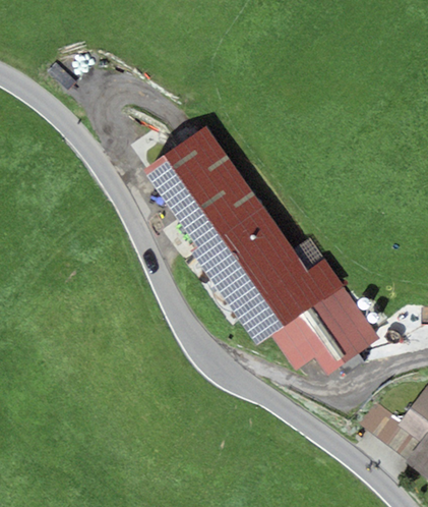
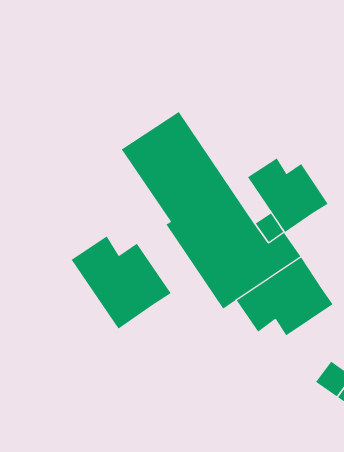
building: none -> [247,157,328,233]
building: none -> [71,235,171,329]

